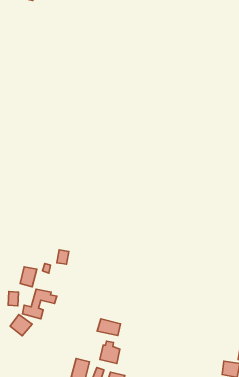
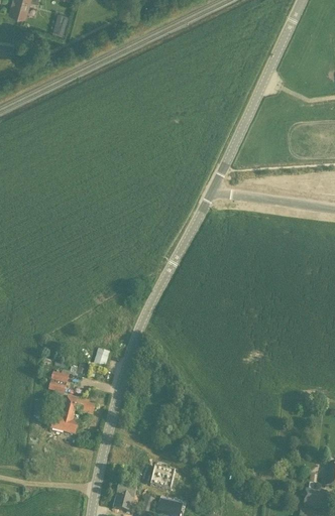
building: [10,314,32,336] -> none
building: [97,319,120,336] -> none

